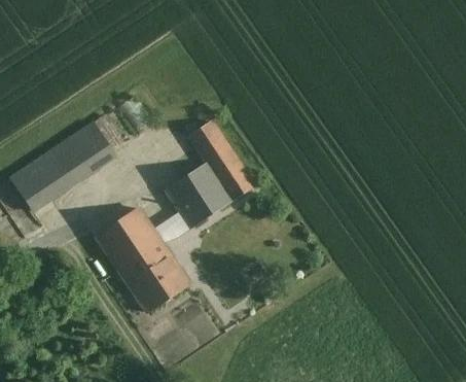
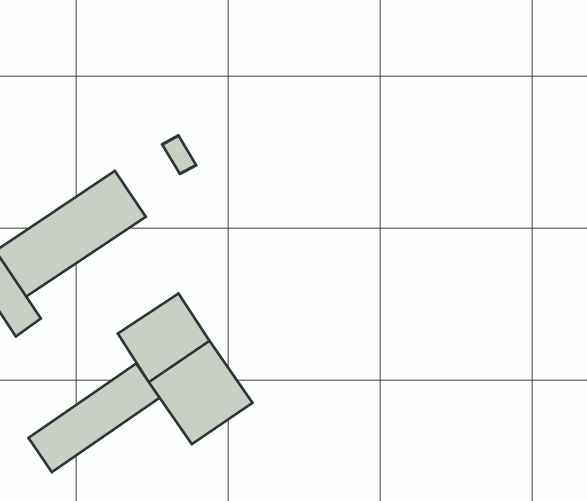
building: [166,120,255,228] -> none
building: none -> [28,363,160,472]

